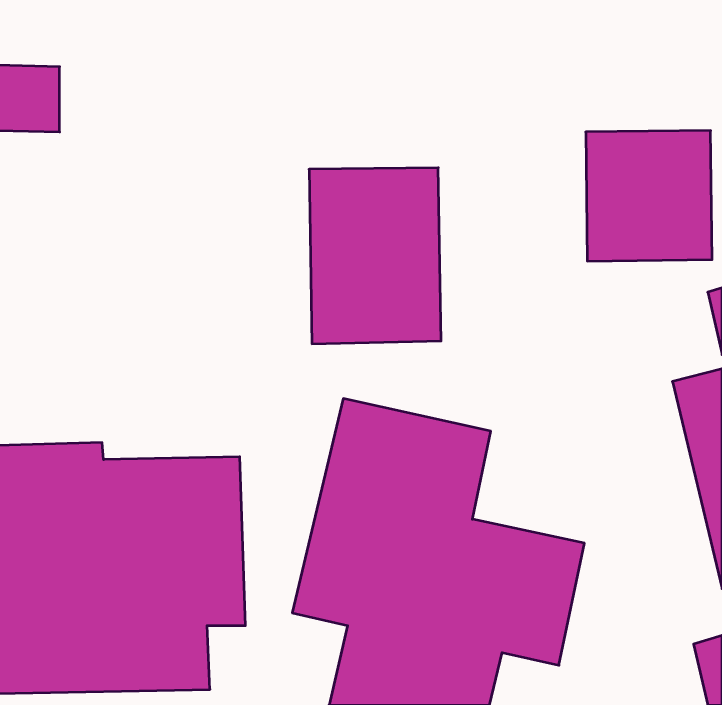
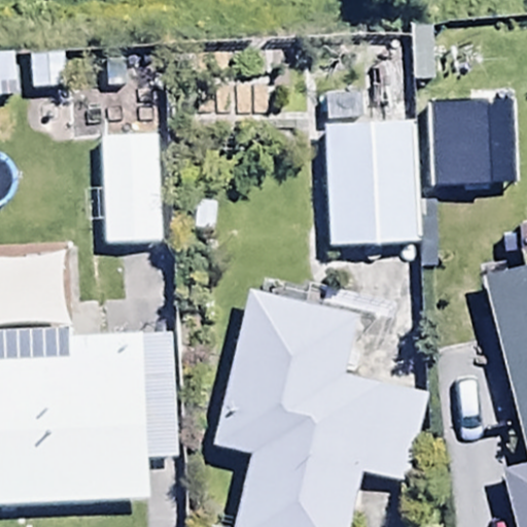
building: [309,168,441,344] -> [327,117,423,245]
building: none -> [102,131,163,242]

